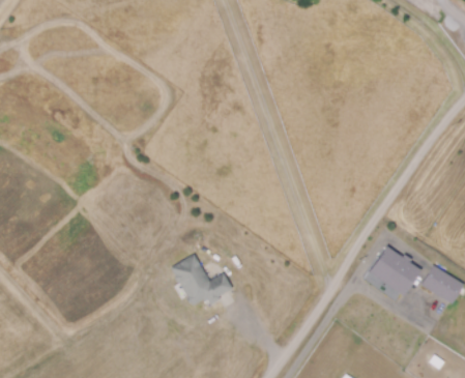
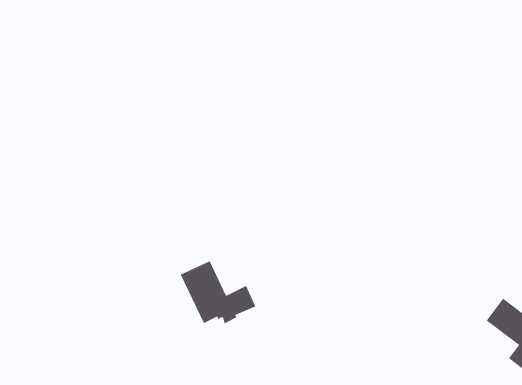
building: [370,248,422,297] -> none

